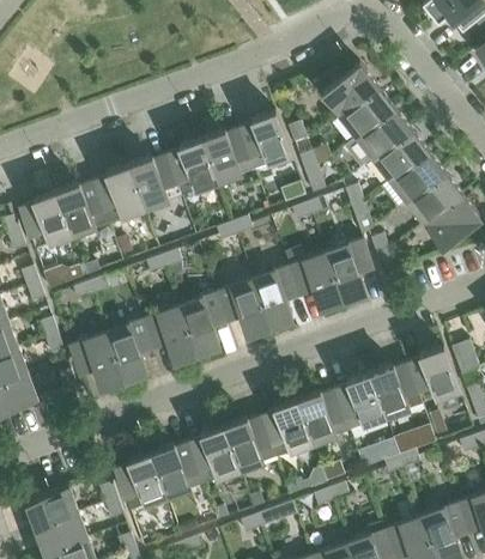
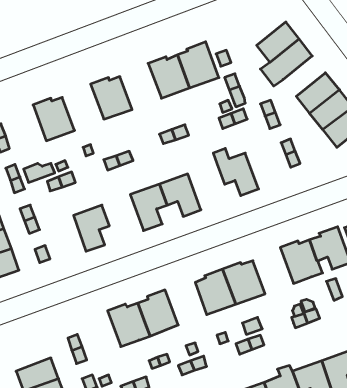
building: [322,63,377,116] -> none
building: [374,129,428,181] -> none
building: [166,139,219,198] -> none
building: [93,165,146,224] -> none
building: [20,192,73,250] -> none
building: [326,239,372,298] -> none
building: [253,266,299,324] -> none
building: [144,305,196,359] -> none
building: [71,332,123,385] -> none
building: [335,372,387,431] -> none
building: [224,417,277,470] -> none
building: [115,452,168,511] -> none
building: [25,486,79,529] -> none

